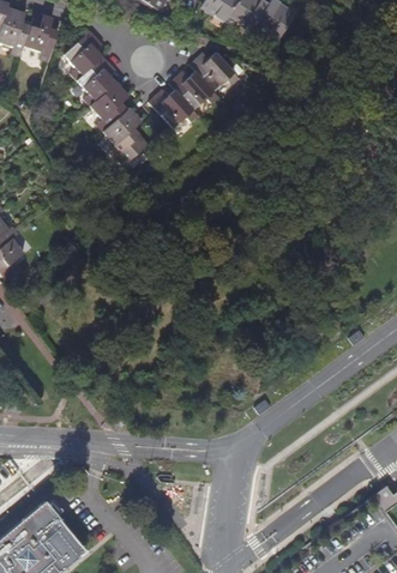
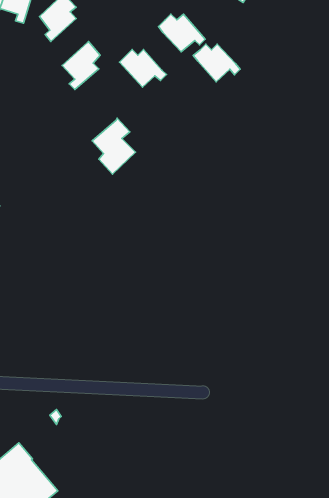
building: [78,56,116,105] -> none
building: [170,71,219,110] -> [193,44,240,82]
building: [103,107,149,165] -> [92,118,136,174]

